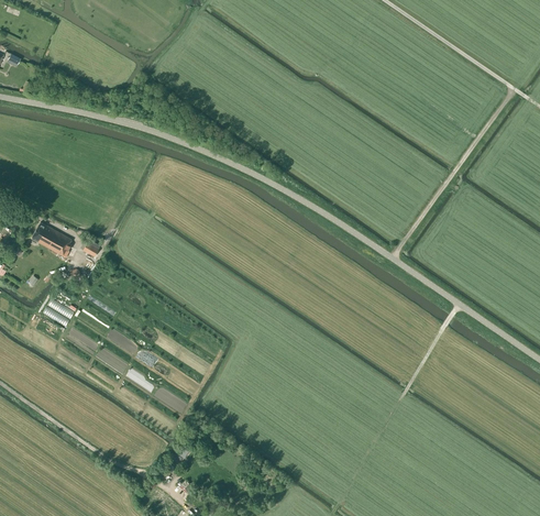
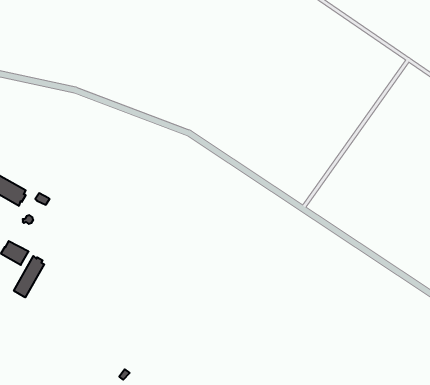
building: none -> [14,256,44,297]

